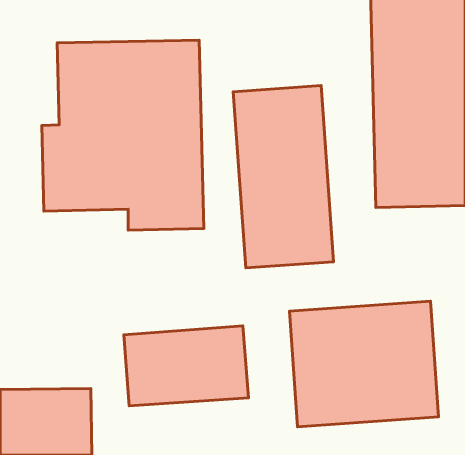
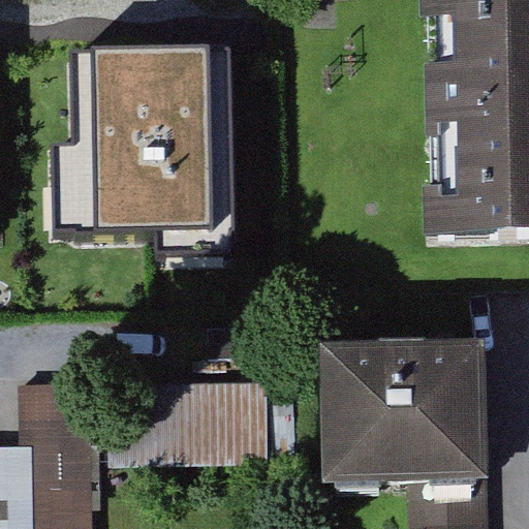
building: [233,86,334,268] -> none

